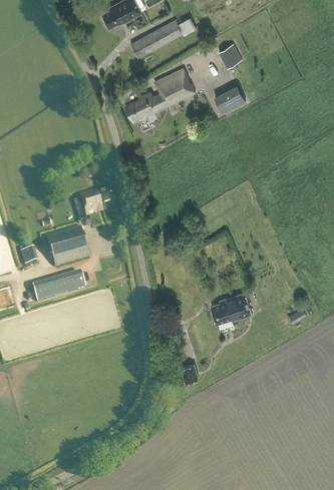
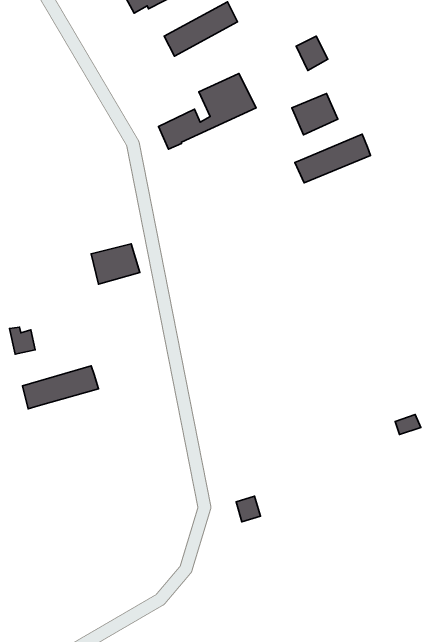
building: none -> [295,134,371,183]
building: [44,226,87,268] -> none
building: [211,292,250,322] -> none

